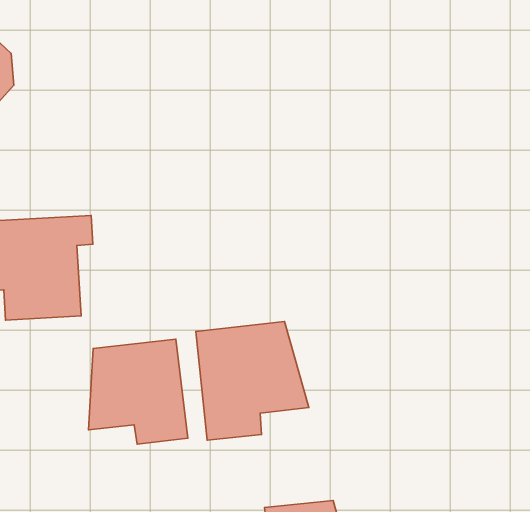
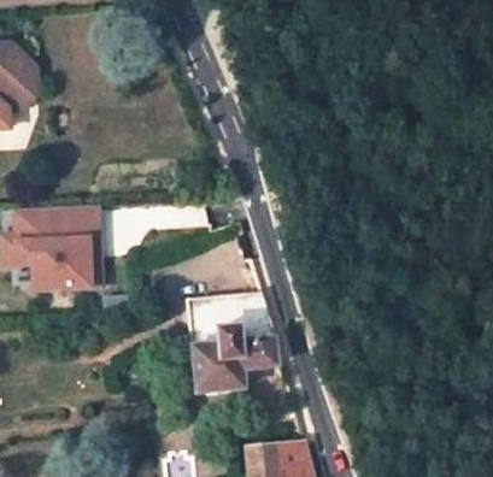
building: [89,339,188,444] -> none

